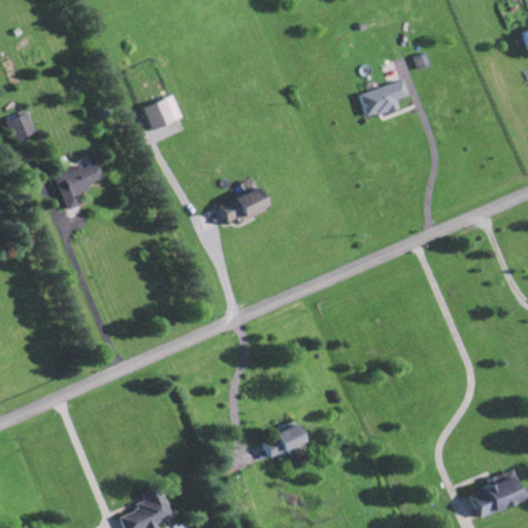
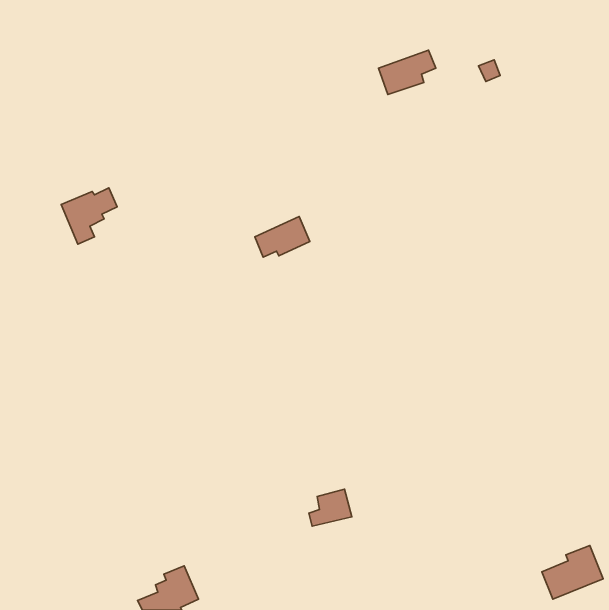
building: [361,79,410,118] -> [378,50,436,94]
building: [144,95,184,130] -> none
building: [7,112,36,140] -> none

